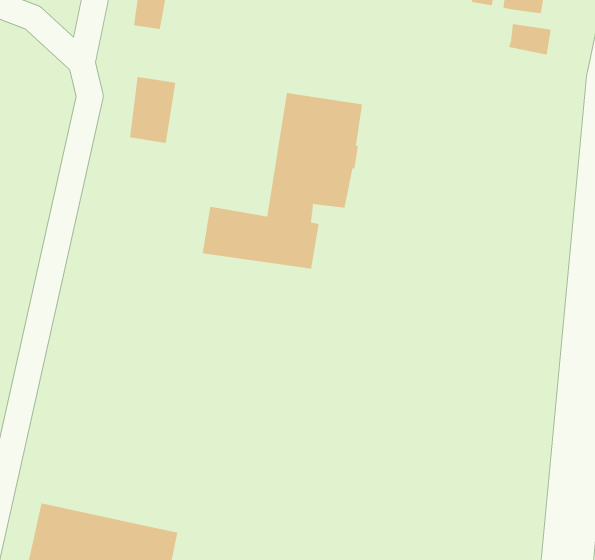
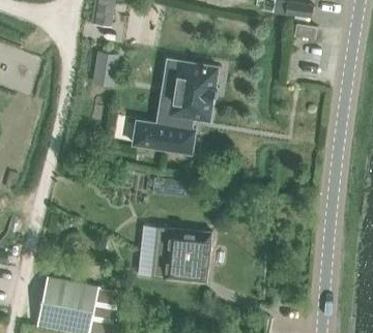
building: none -> [151,226,210,282]

